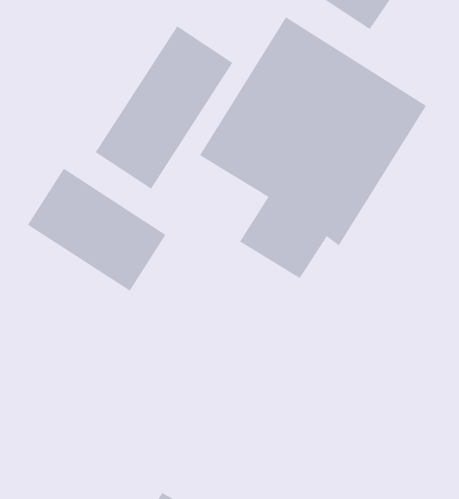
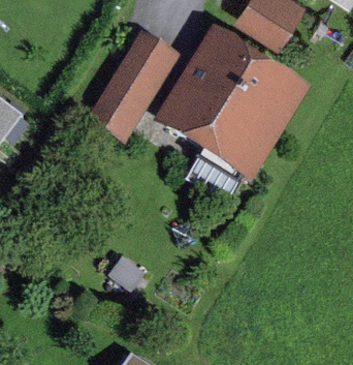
building: [27,168,166,292] -> none

